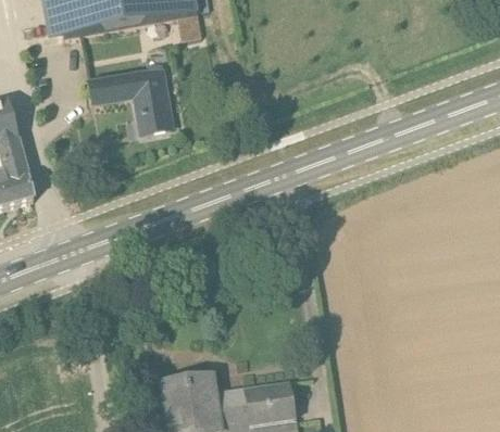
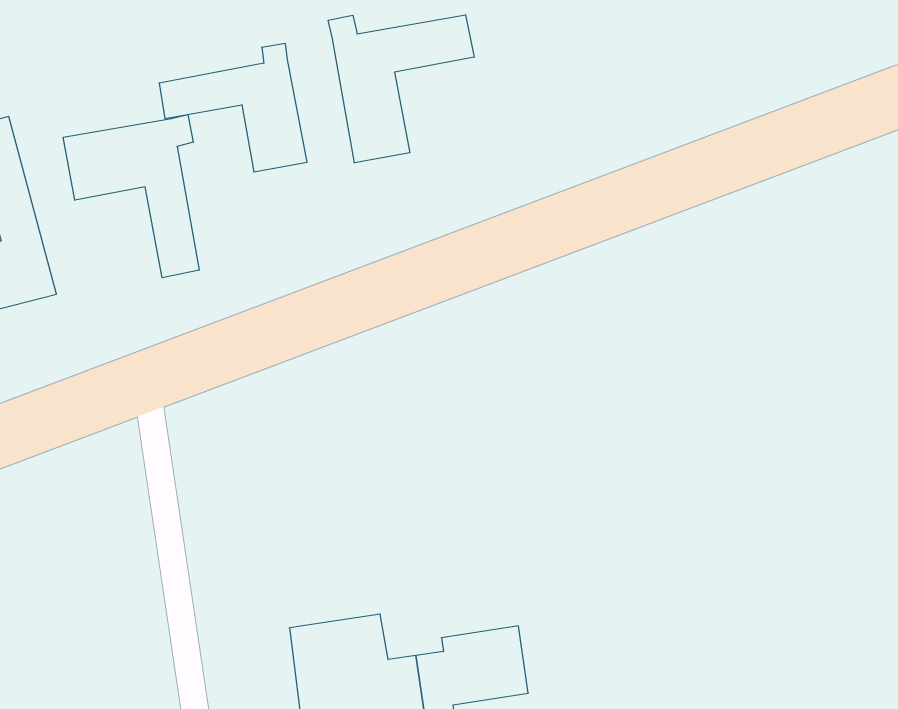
building: none -> [328,15,474,163]
building: none -> [63,114,199,278]

